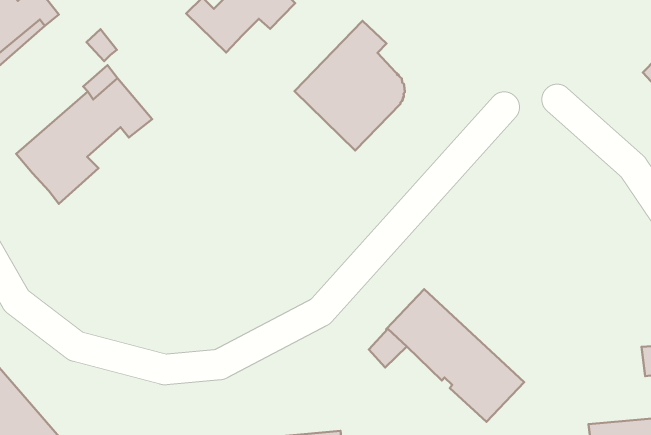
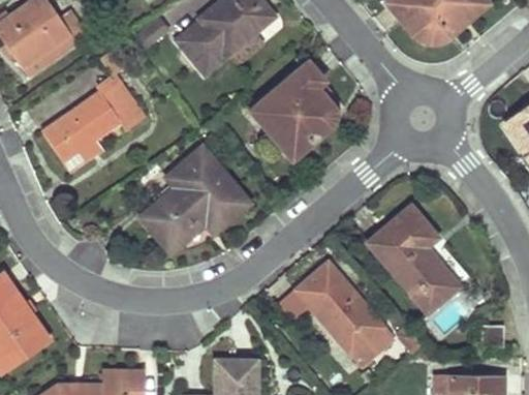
building: none -> [143,149,245,247]
building: none -> [370,208,456,309]

